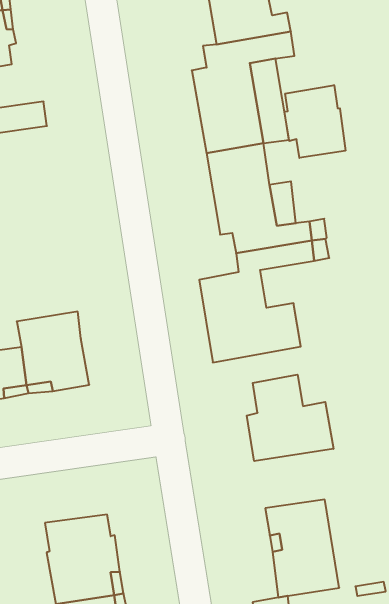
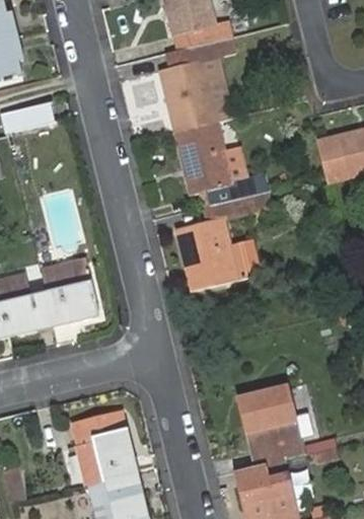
building: [284,85,345,158] -> none
building: [247,375,333,461] -> none

